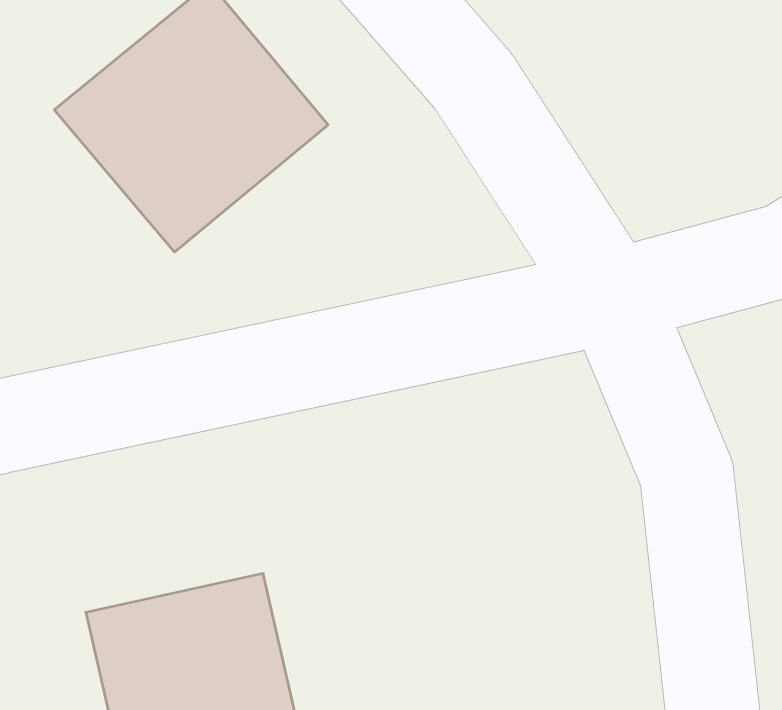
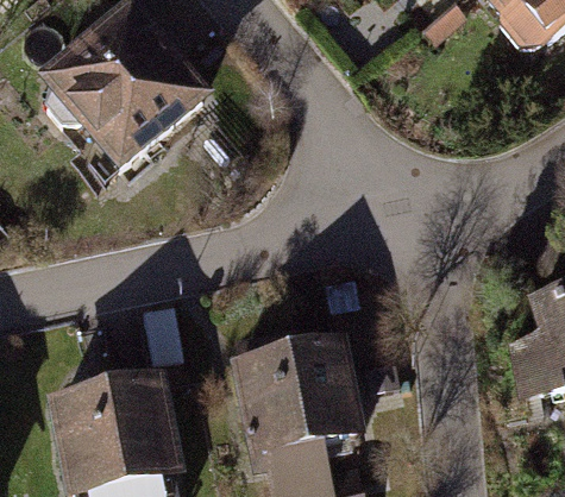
building: none -> [236,344,362,459]

